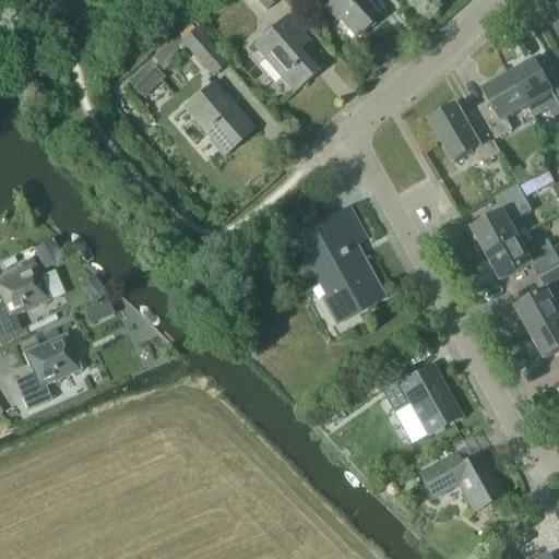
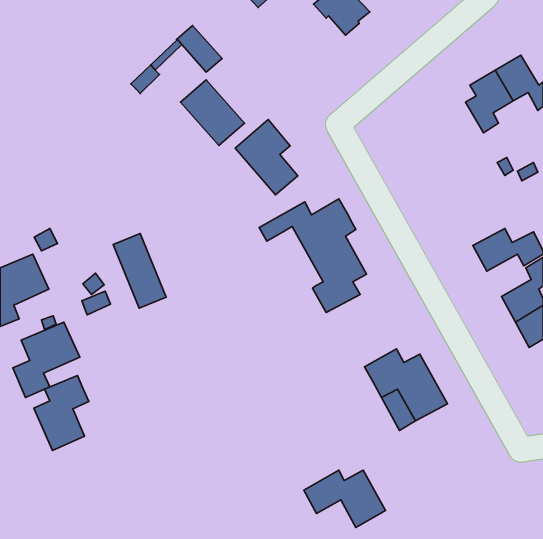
building: [252,12,317,90] -> [235,119,298,195]
building: [429,103,499,159] -> none
building: [472,182,532,252] -> none
building: none -> [113,233,166,308]
building: none -> [34,375,89,451]
building: [419,451,503,510] -> [304,470,386,527]

